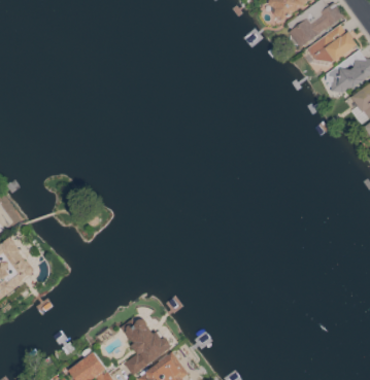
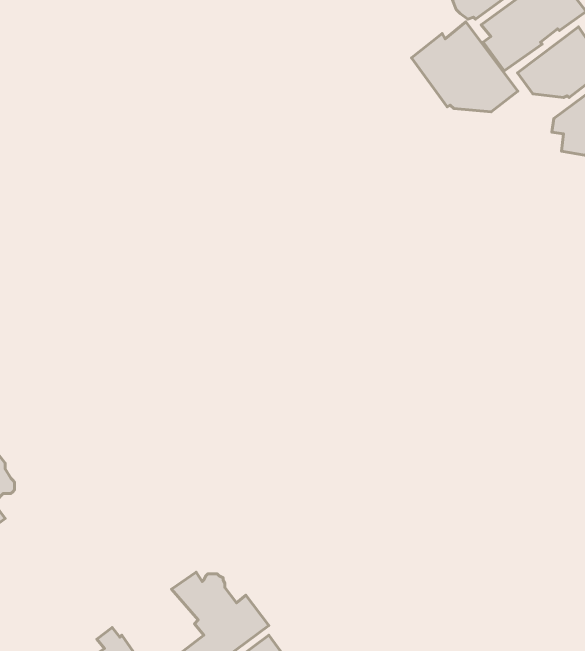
building: none -> [412,22,518,112]

